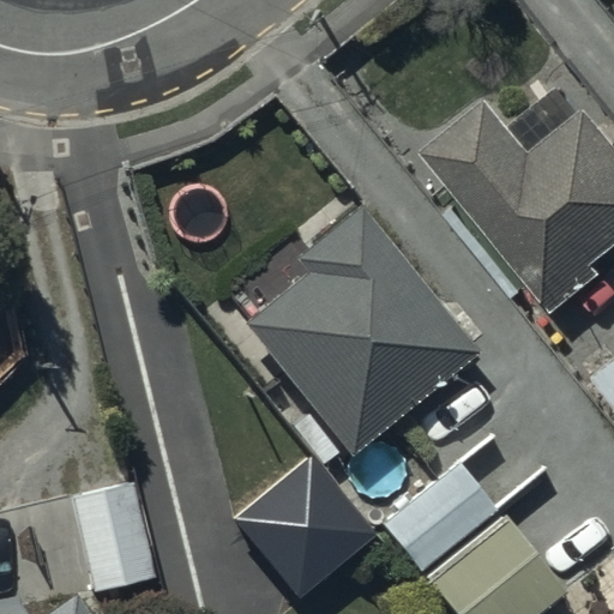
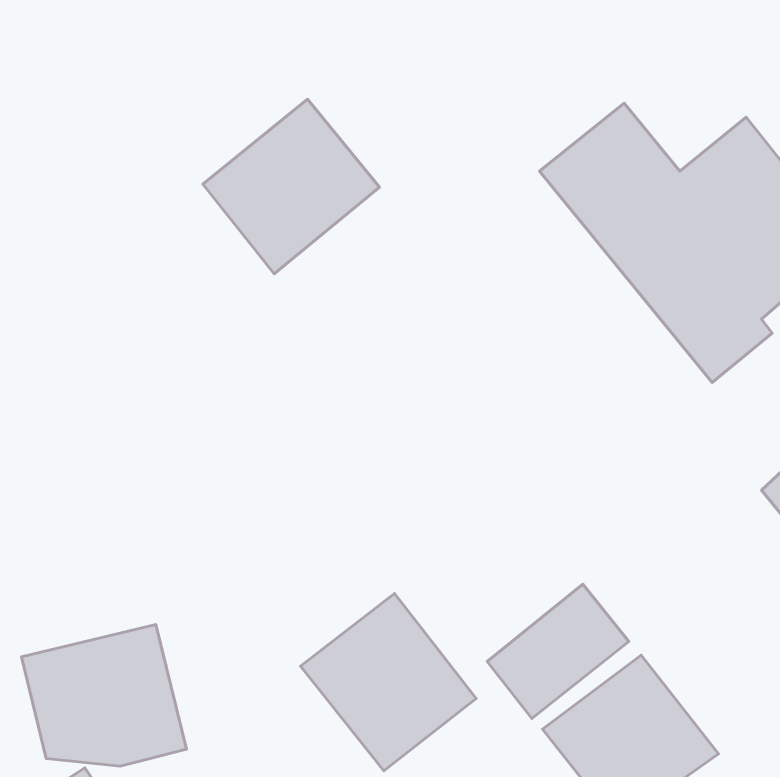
building: none -> [203,99,379,274]
building: [242,203,474,449] -> none

